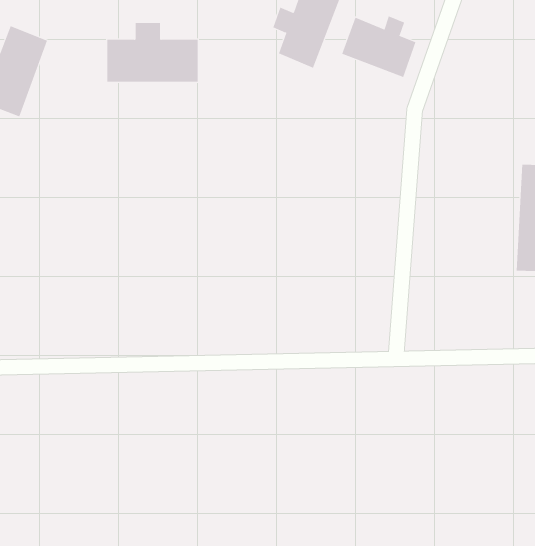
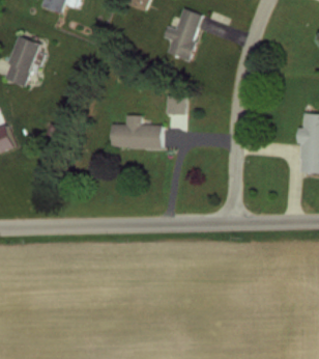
building: [341,16,416,78] -> none
building: [107,22,198,82] -> [111,115,162,148]

